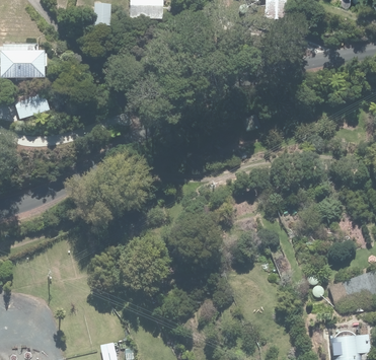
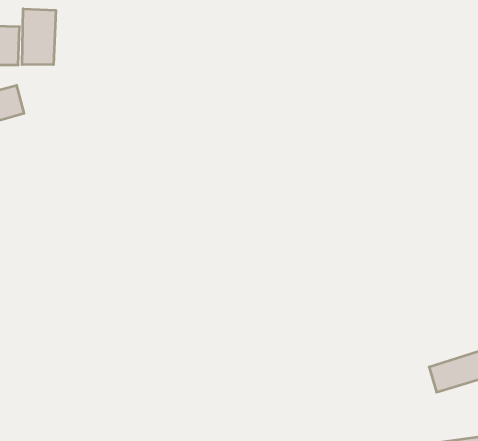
building: none -> [22,9,56,65]

